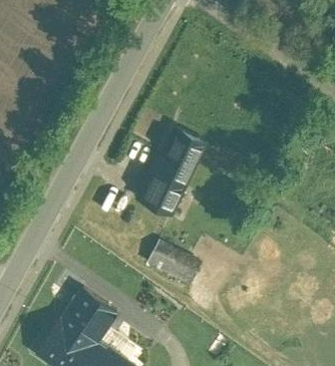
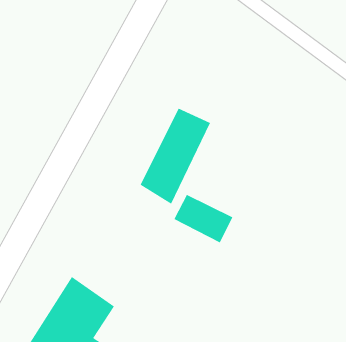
building: [147,239,203,284] -> [173,194,233,243]

